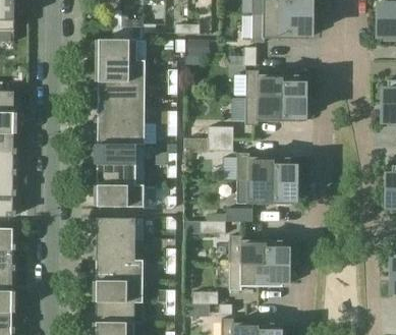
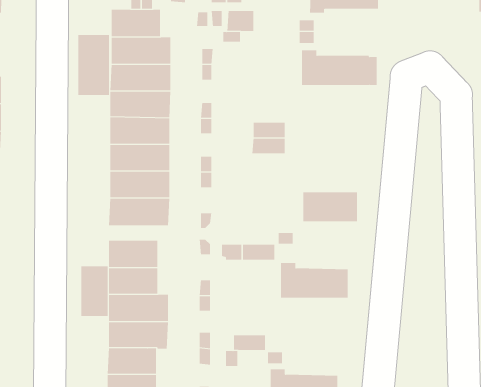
building: none -> [78,34,110,96]
building: [245,98,298,125] -> none
building: [236,153,290,180] -> none
building: none -> [81,266,108,317]
building: [229,263,282,290] -> none

